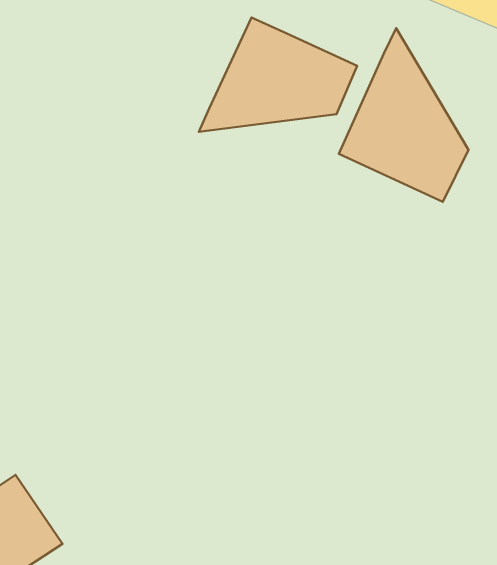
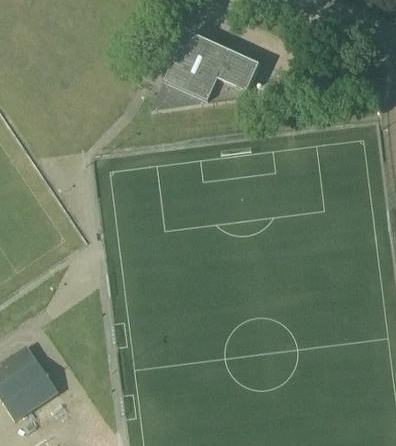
building: [339,28,468,202] -> none

